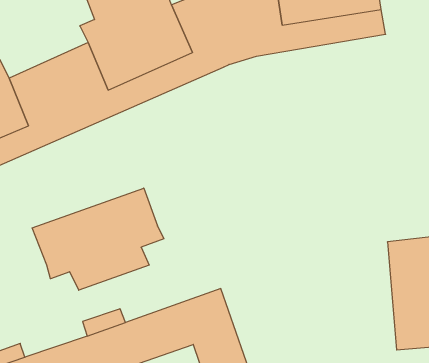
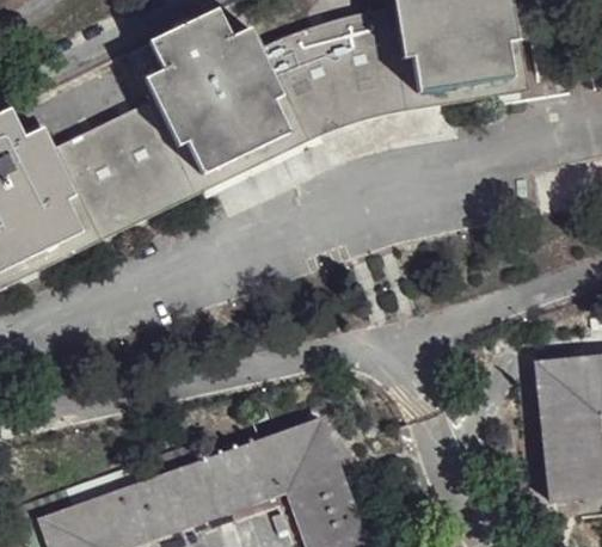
building: [32,188,164,290] -> none

